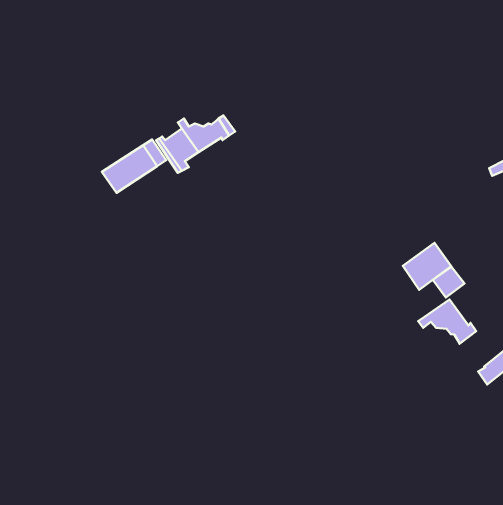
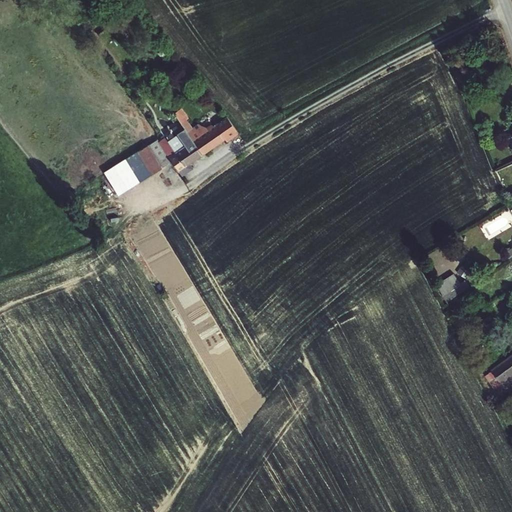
building: [403,243,451,290] -> none
building: [418,300,476,344] -> none

